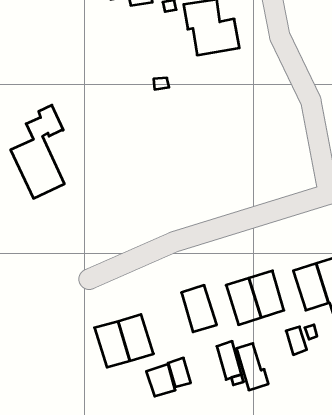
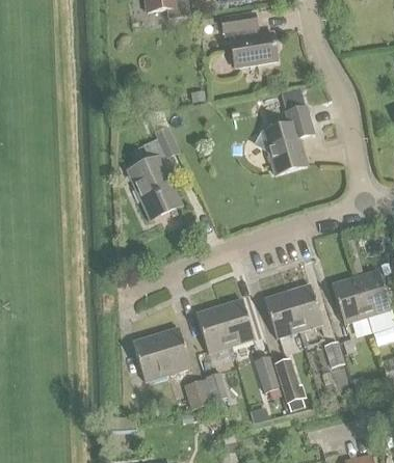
building: none -> [256,88,314,175]
building: [11,105,64,198] -> [128,127,182,220]
building: none -> [195,306,231,353]

